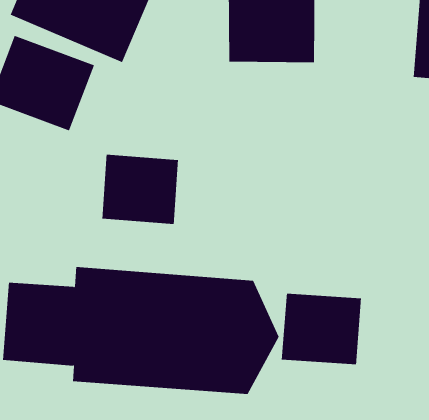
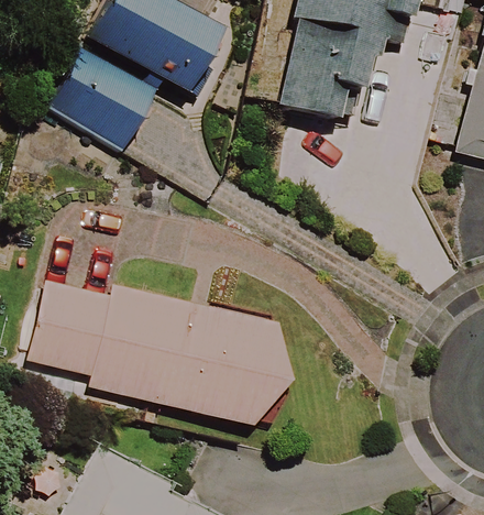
building: [102,154,178,225] -> none
building: [281,293,362,365] -> none

